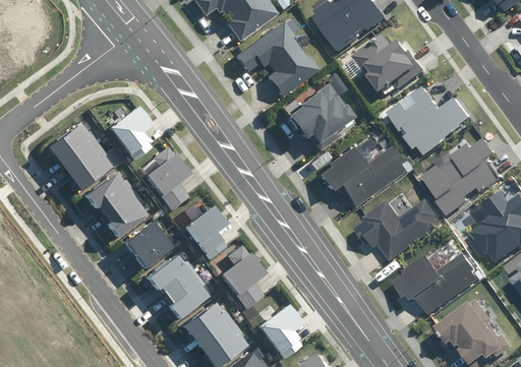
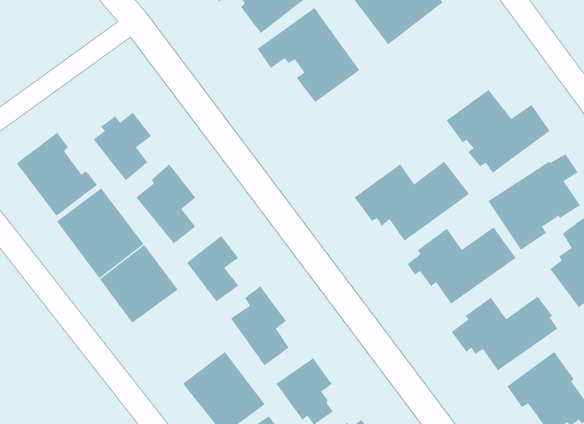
building: [356,34,429,97] -> none
building: [284,81,352,150] -> none
building: [140,252,205,317] -> none

